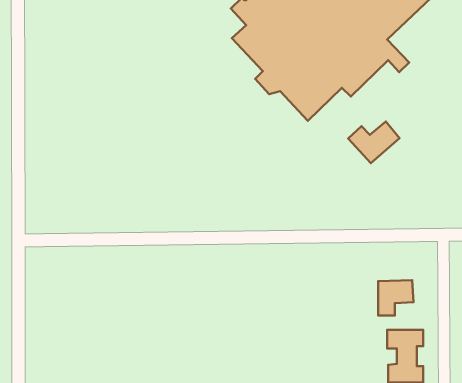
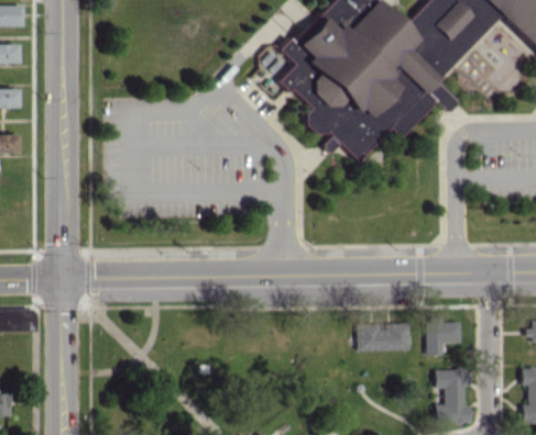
building: [348,121,400,163] -> none
building: none -> [358,323,411,350]

